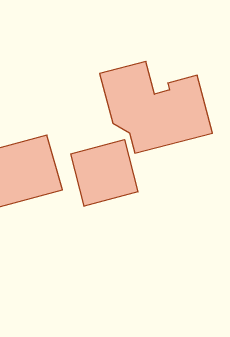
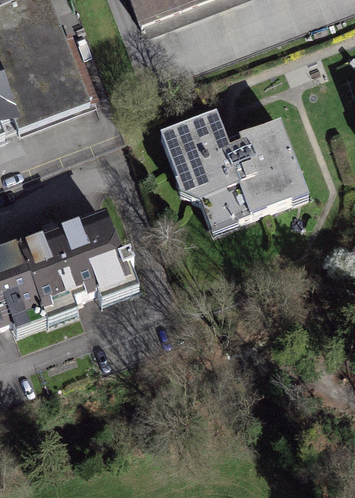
building: [71,140,138,206] -> none

